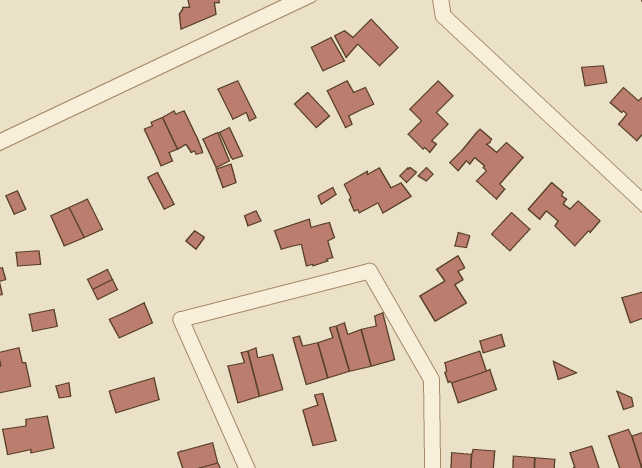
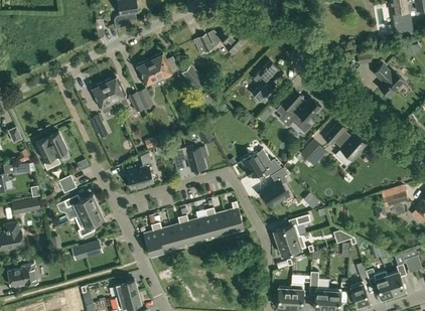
building: [327,81,374,128] -> [149,54,177,83]
building: [344,168,411,213] -> [240,149,280,176]
building: none -> [126,152,154,188]
building: none -> [75,206,104,237]
building: [303,394,336,445] -> [170,215,190,247]

